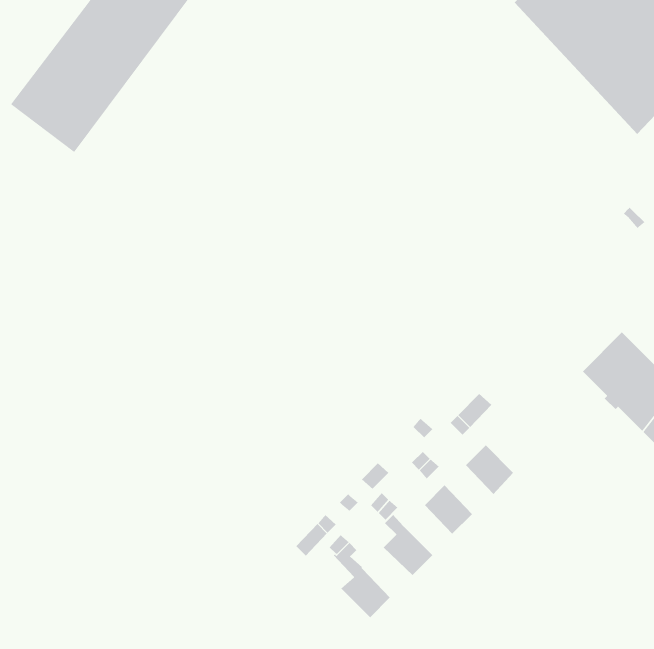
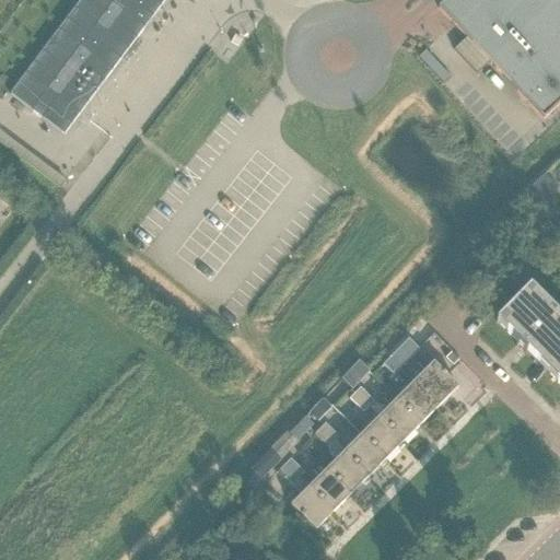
building: none -> [416,351,459,402]
building: none -> [381,388,422,438]
building: none -> [346,430,387,472]
building: none -> [311,458,353,509]

